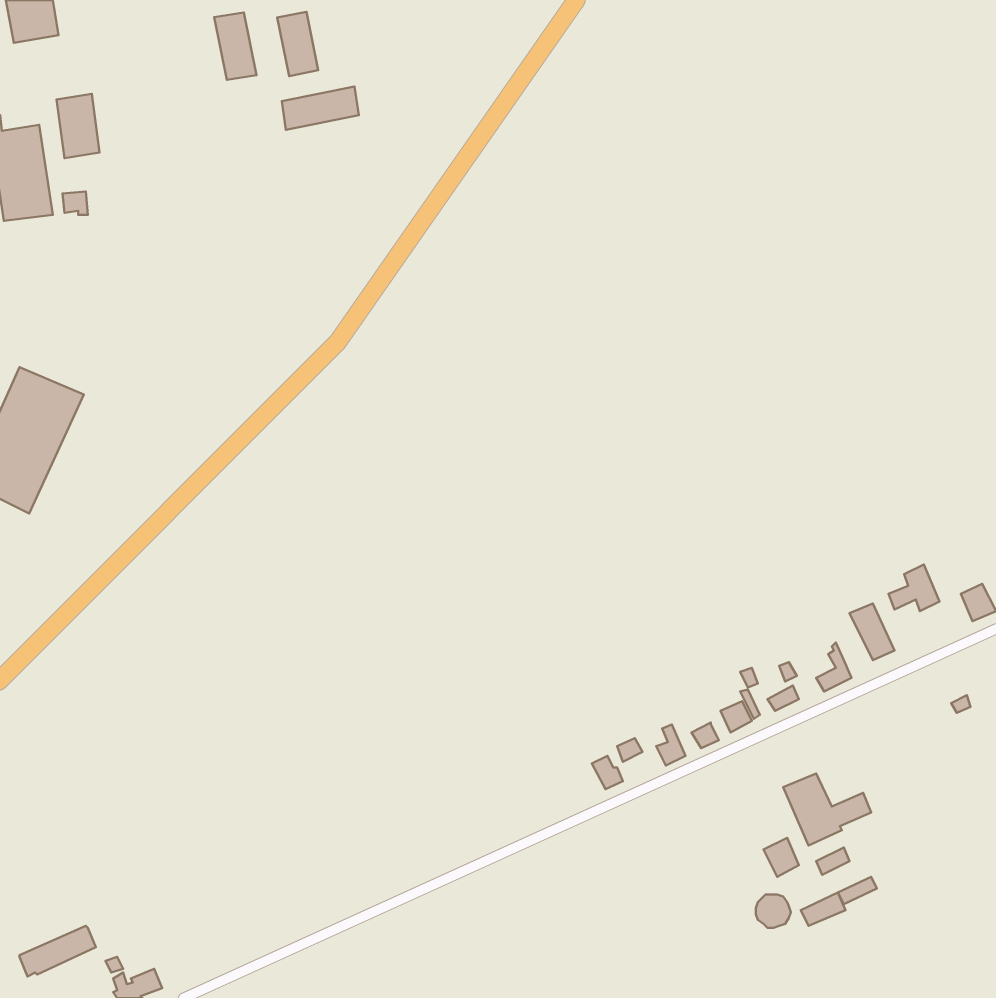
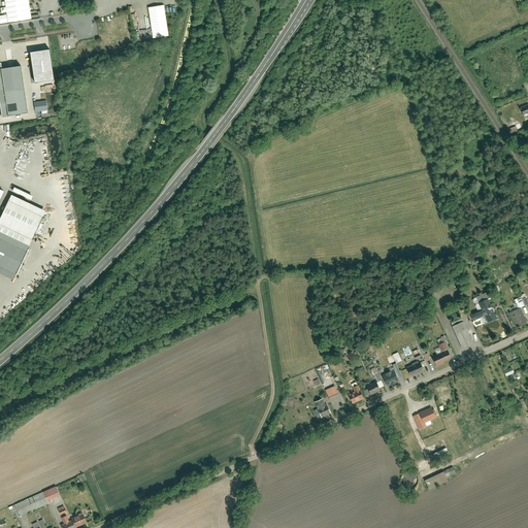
building: [214,13,256,80] -> none
building: [282,87,359,130] -> none

